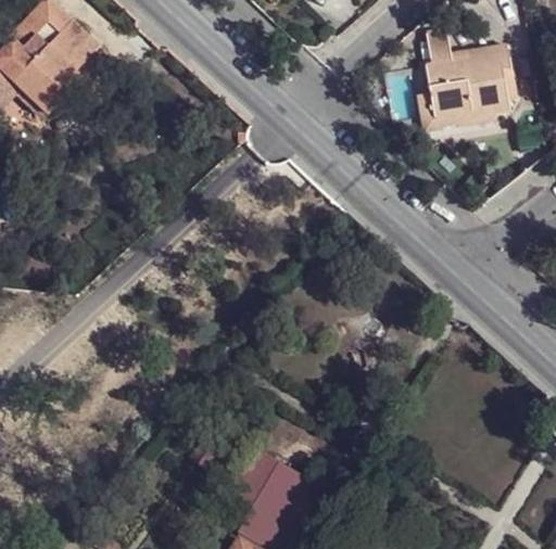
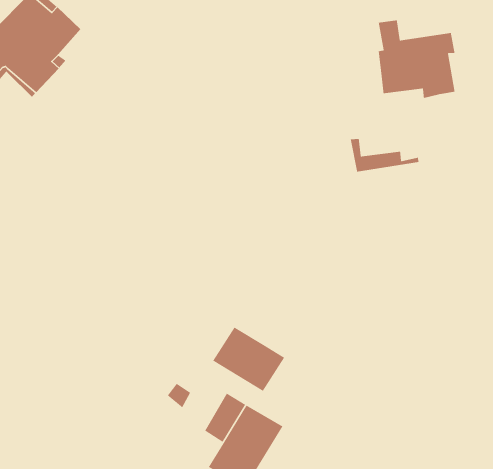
building: [417,94,494,132] -> [350,138,420,172]
building: none -> [212,326,285,392]

